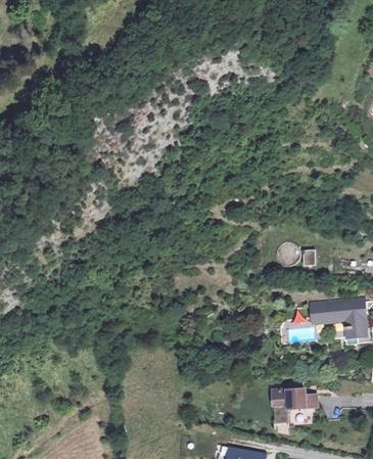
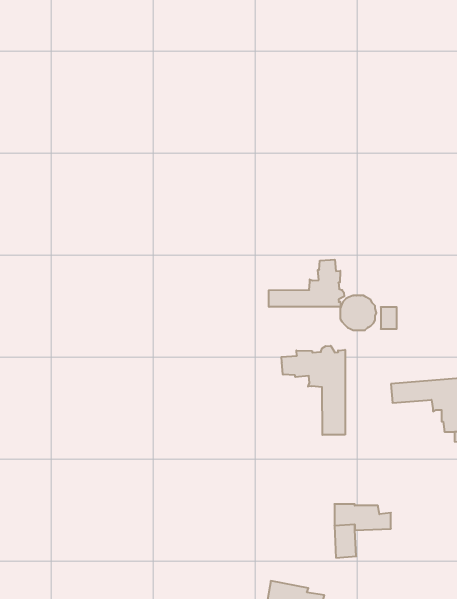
building: none -> [269,260,344,307]
building: none -> [281,346,345,435]

